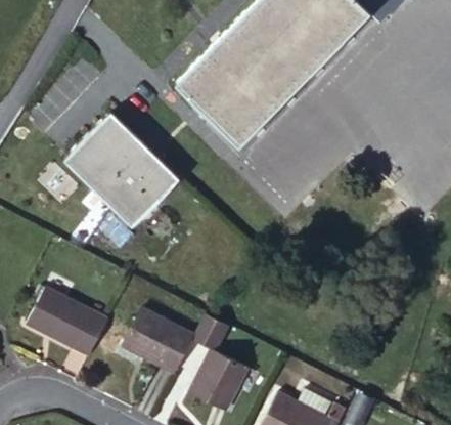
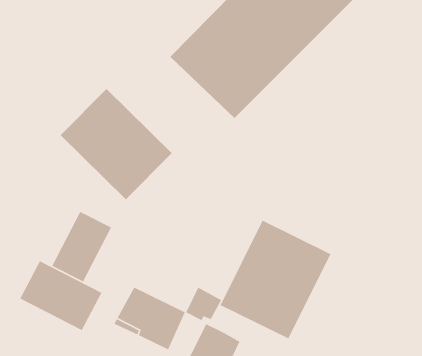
building: none -> [51,211,112,283]
building: none -> [219,220,332,339]

